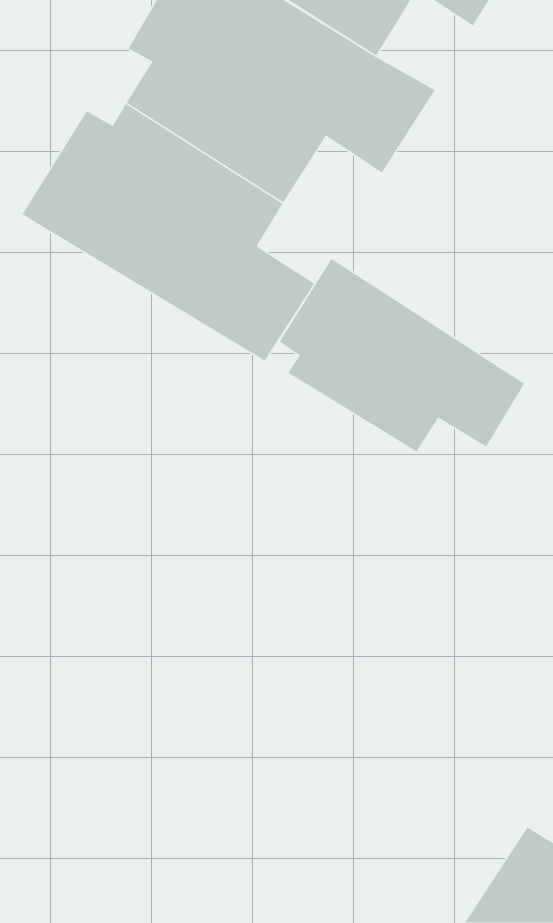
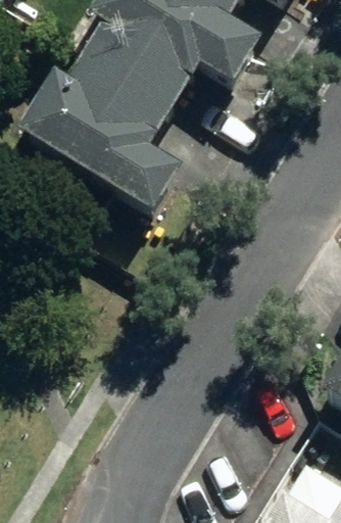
building: [279,258,525,453] -> none

